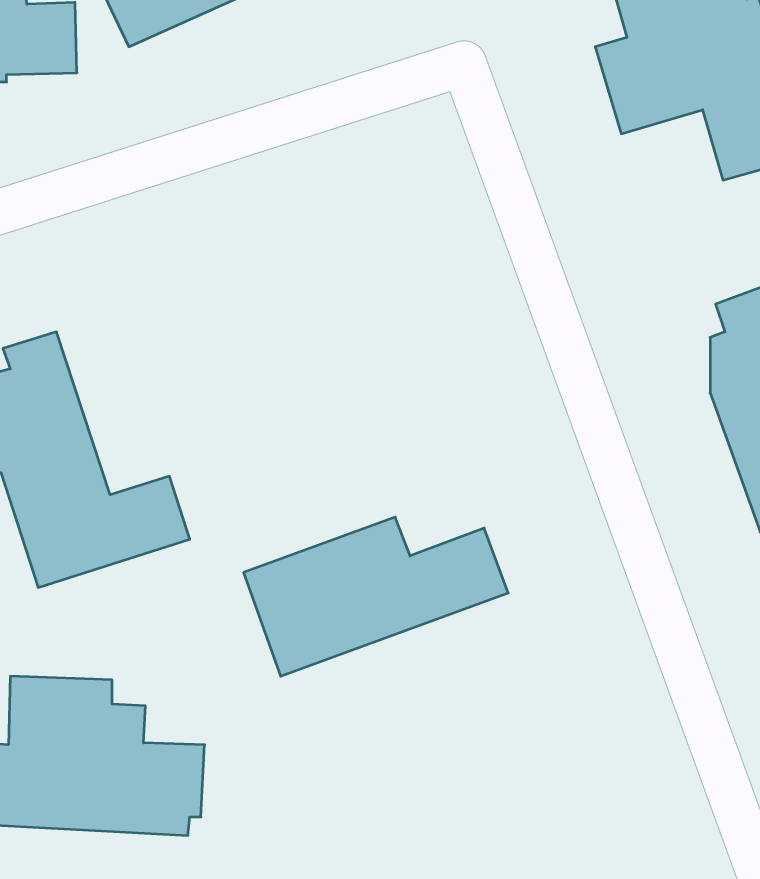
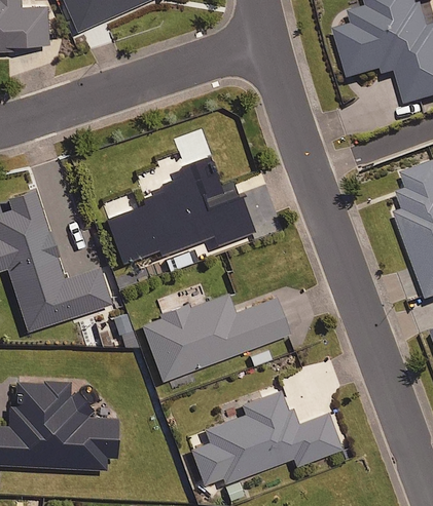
building: none -> [102,156,252,263]
building: none -> [186,389,340,484]

